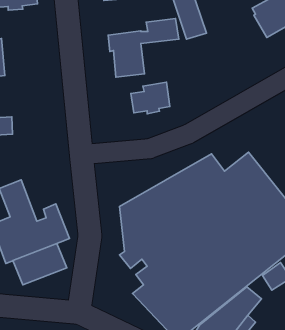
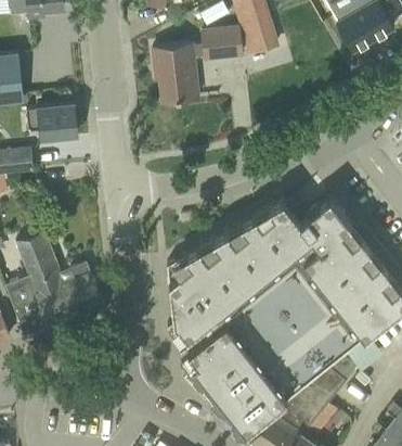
building: none -> [27,105,77,143]
building: [131,82,170,114] -> none
building: [13,243,67,285] -> none

